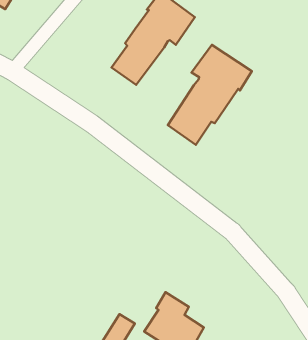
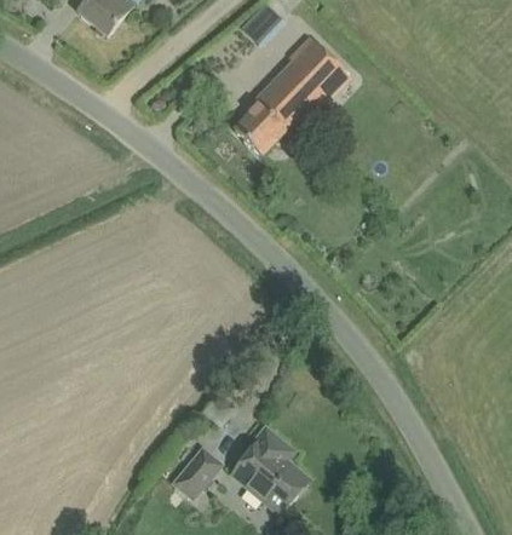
building: [168,45,252,145] -> none

